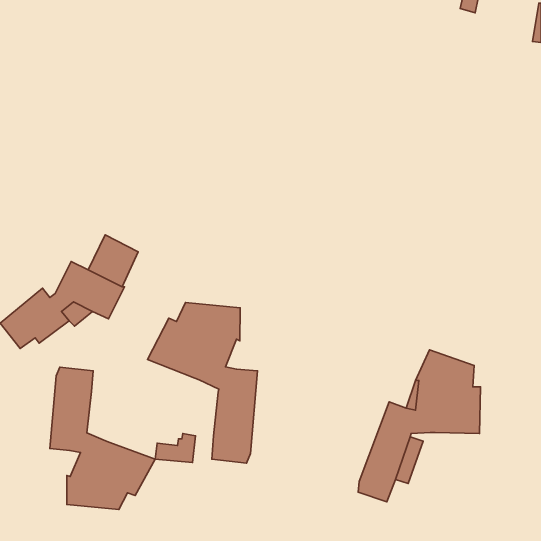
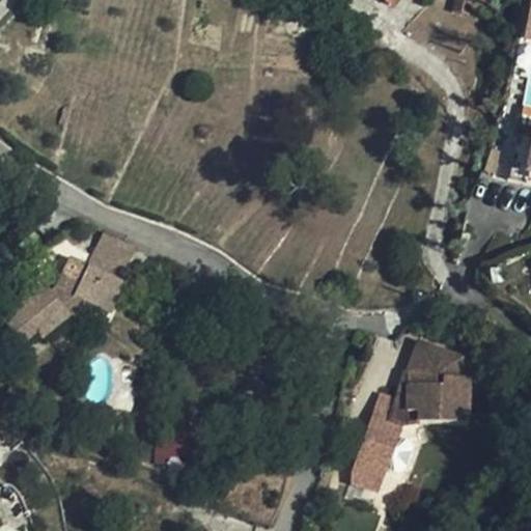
building: [147,302,257,463] -> none
building: [50,367,155,510] -> none

